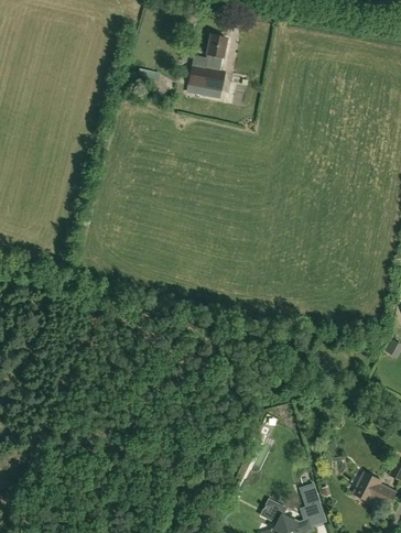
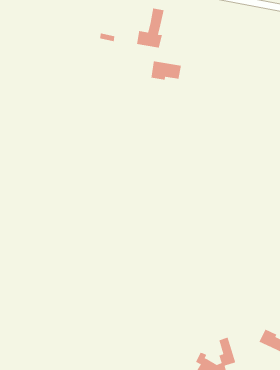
building: none -> [151,60,181,81]

